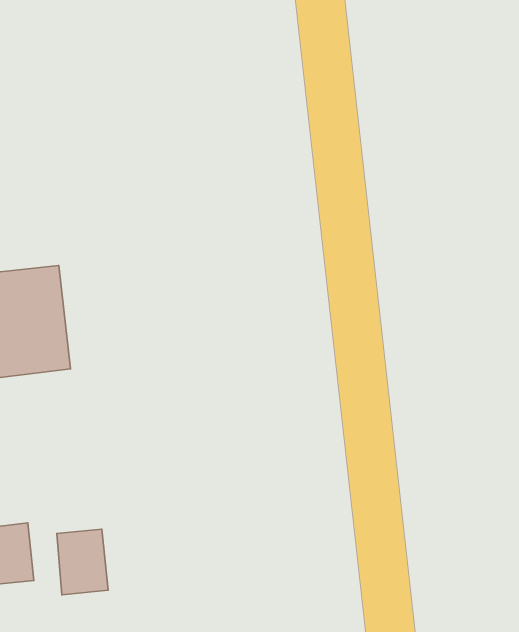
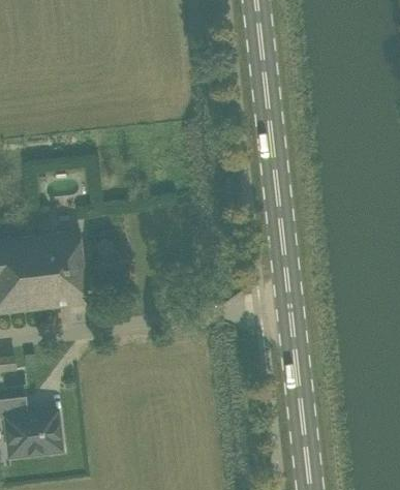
building: [57,529,108,595] -> none

